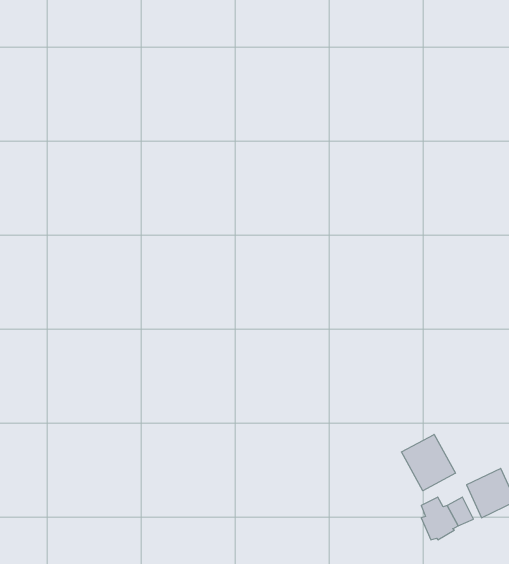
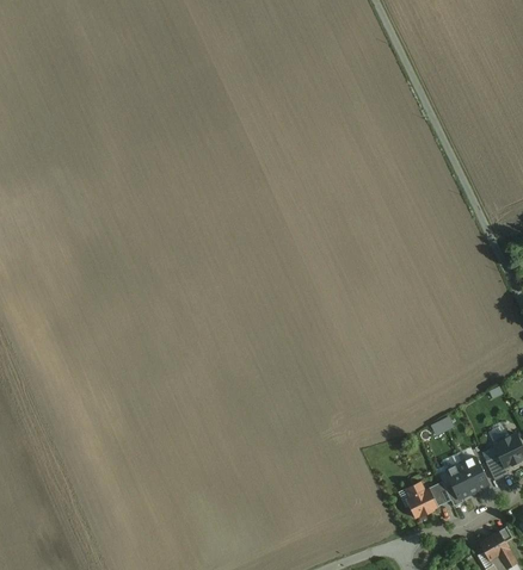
building: [401,434,455,491] -> none

